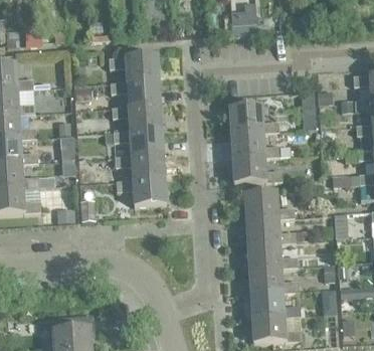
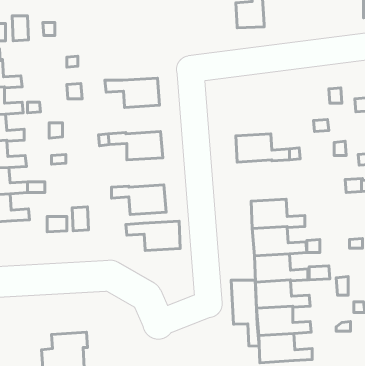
building: [109,54,158,81] -> none
building: [112,105,161,131] -> none
building: [228,106,278,133] -> none
building: [114,153,164,180] -> [126,221,180,251]
building: [231,155,282,182] -> none
building: none -> [231,280,259,346]

